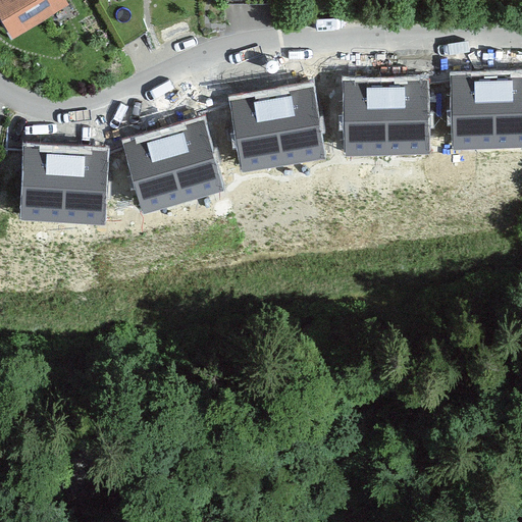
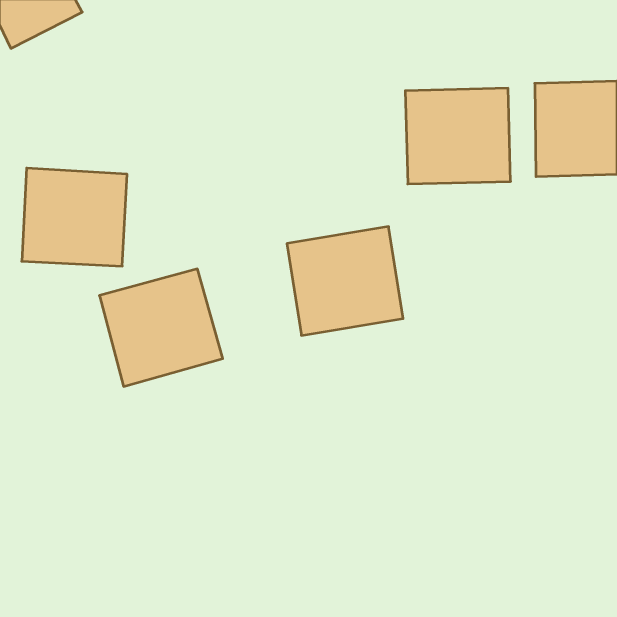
building: [227,81,325,172] -> [287,227,403,335]
building: [121,115,225,214] -> [99,269,223,386]

